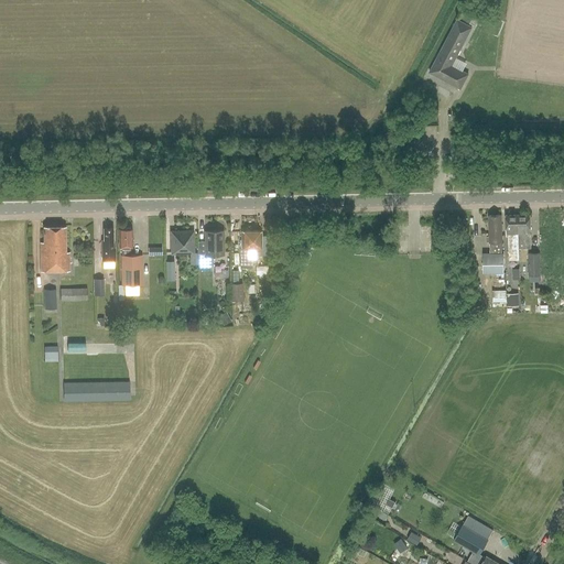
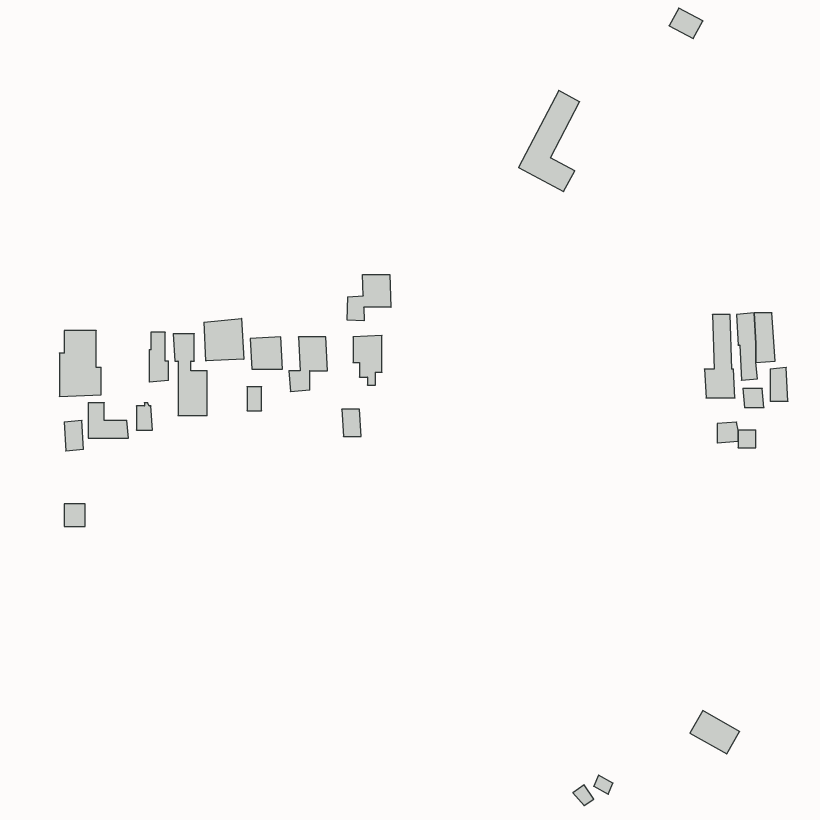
building: [430,20,471,89] -> [519,90,580,192]
building: none -> [347,275,391,321]
building: none -> [204,318,244,361]
building: [64,382,130,401] -> none
building: [454,524,488,554] -> [690,711,740,754]

